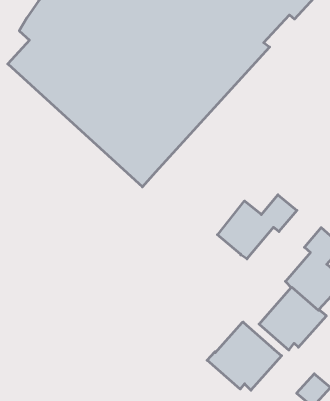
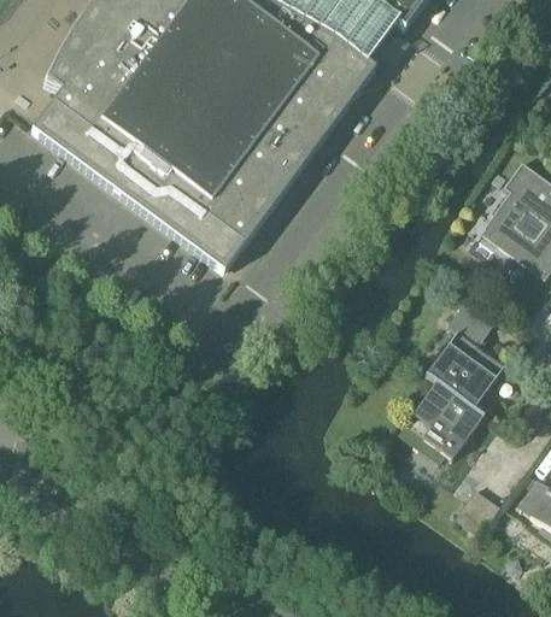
building: [217,195,297,259] -> none
building: [207,322,282,390] -> none

